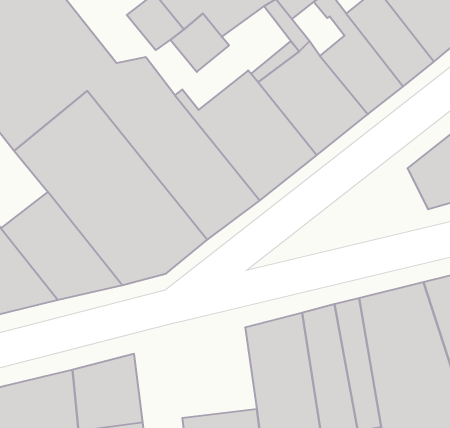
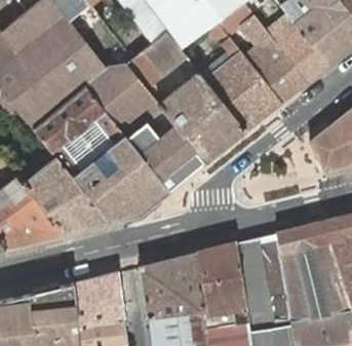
building: none -> [140,254,203,318]

